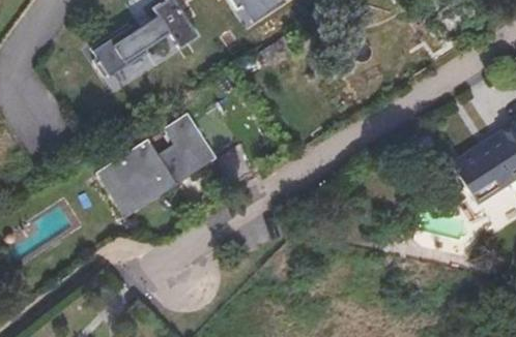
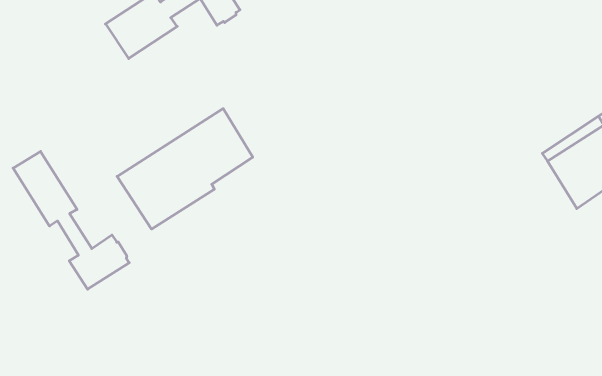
building: none -> [13,151,129,289]

